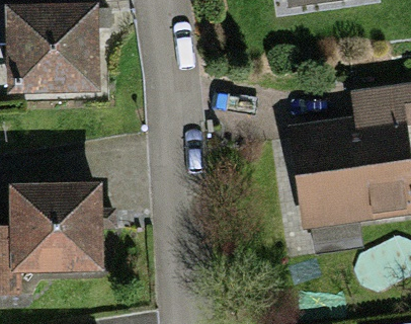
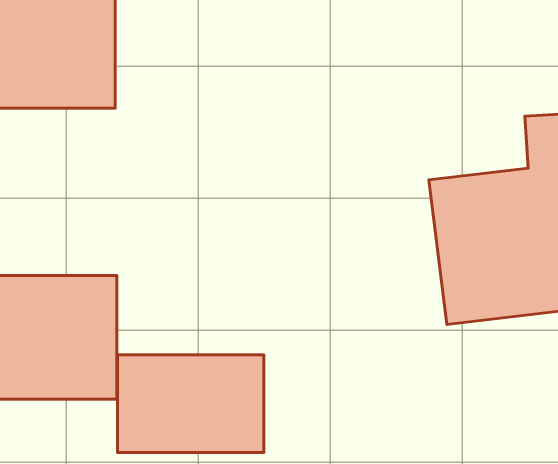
building: none -> [118,355,264,452]

